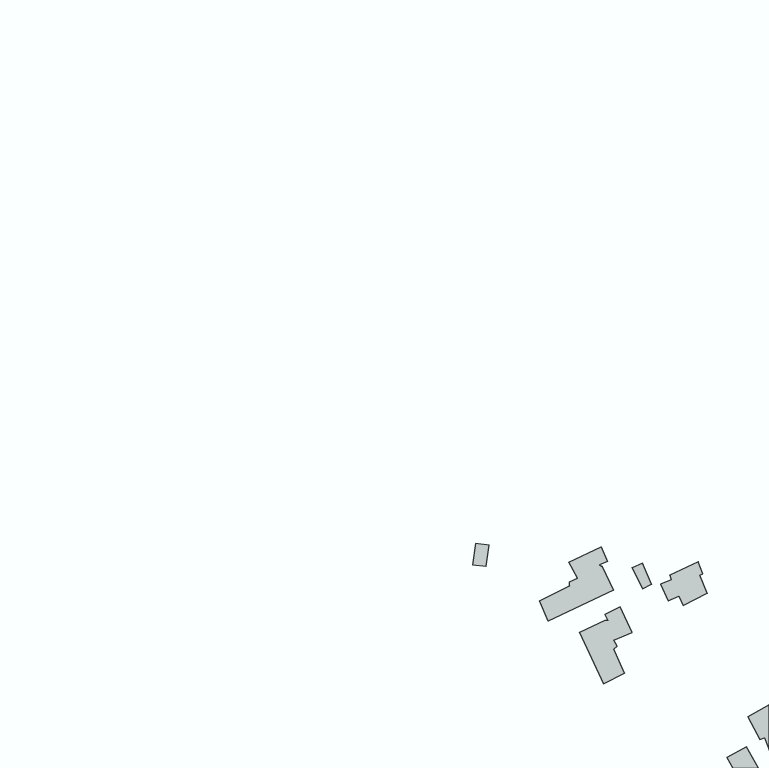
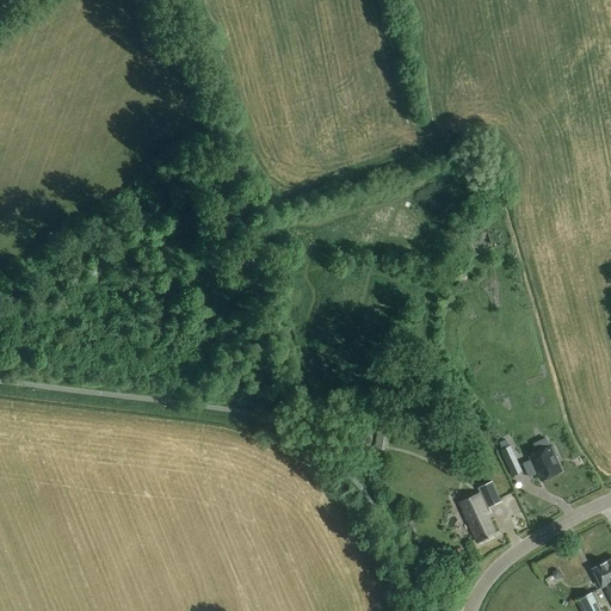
building: [540,547,613,621] -> none

